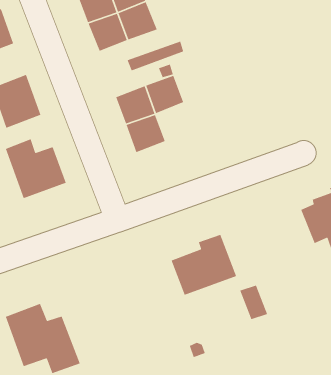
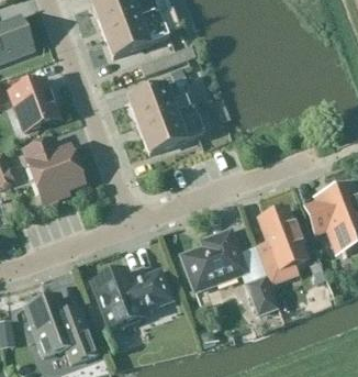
building: none -> [167,104,205,142]
building: none -> [255,208,306,285]
building: none -> [91,269,169,329]

